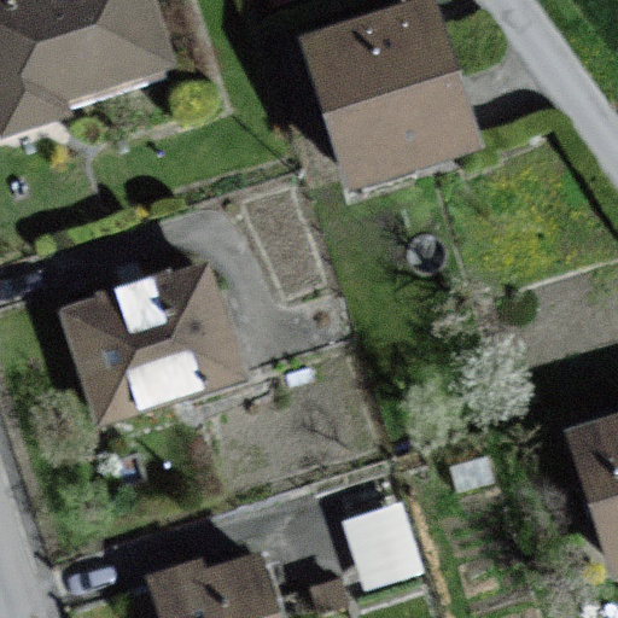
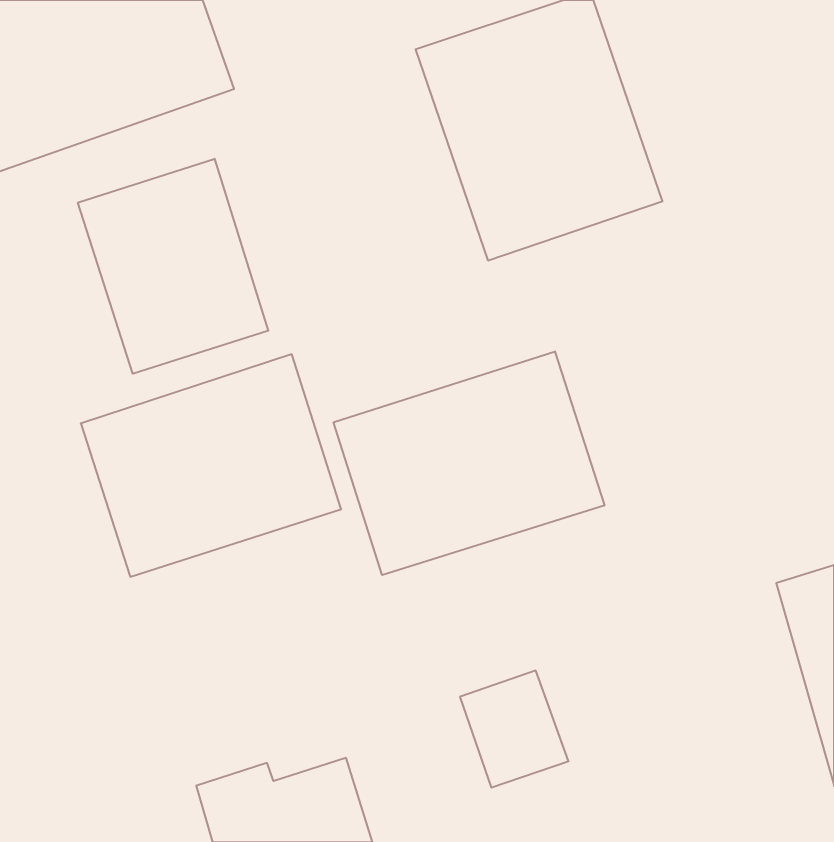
building: none -> [78,159,268,374]
building: none -> [334,351,604,575]

